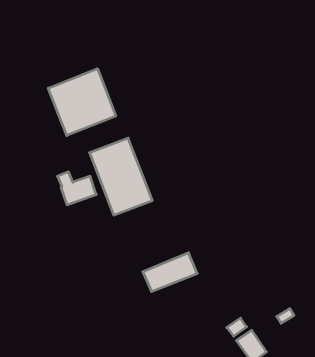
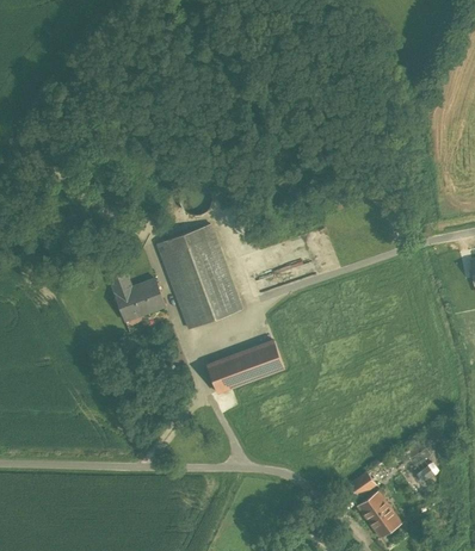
building: [48,69,116,136] -> none
building: [143,253,197,292] -> [206,340,282,394]

